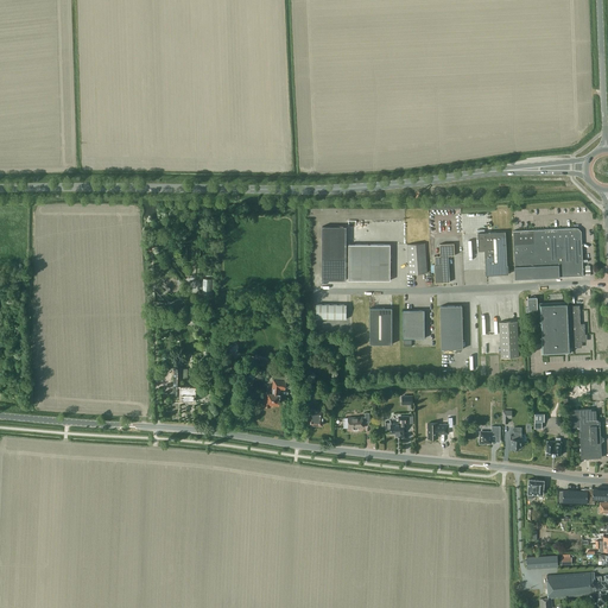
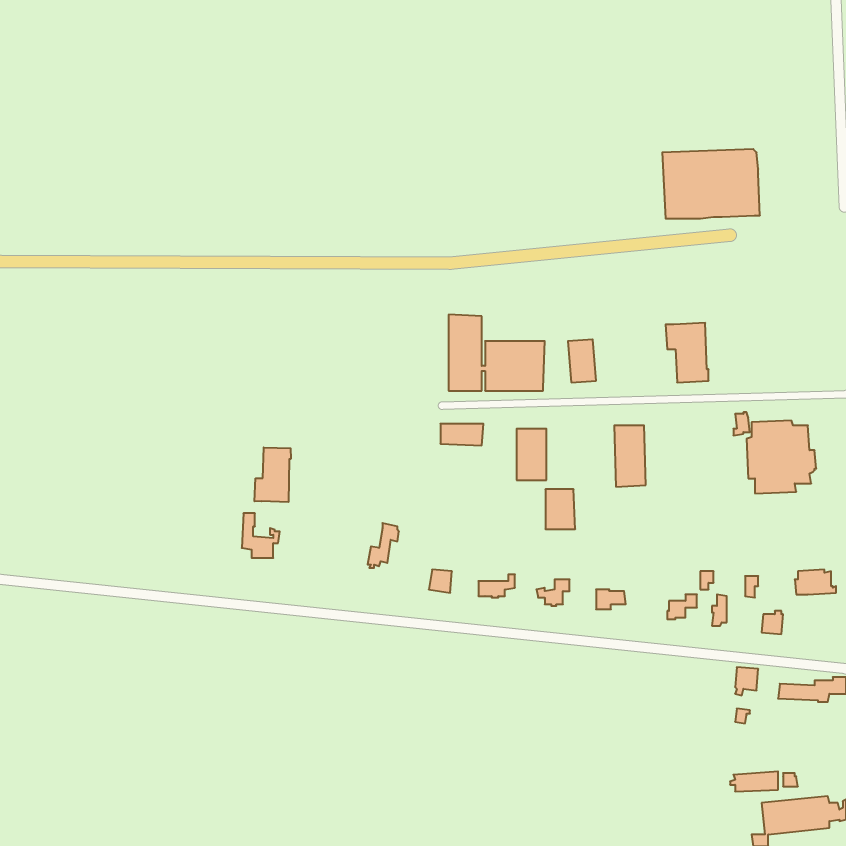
building: [513,228,583,278] -> [662,149,760,219]
building: [431,243,455,283] -> none
building: [404,310,425,338] -> [545,489,575,529]
building: [499,321,519,357] -> none
building: none -> [255,447,291,502]
building: [580,425,602,458] -> none

